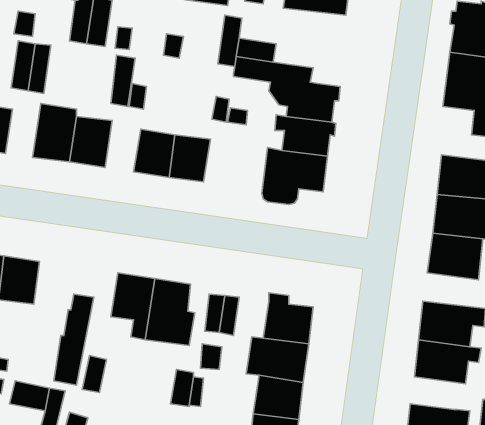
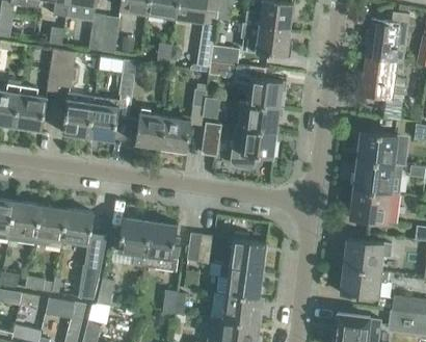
building: none -> [241,24,290,57]
building: none -> [196,120,221,157]
building: none -> [62,210,94,245]

